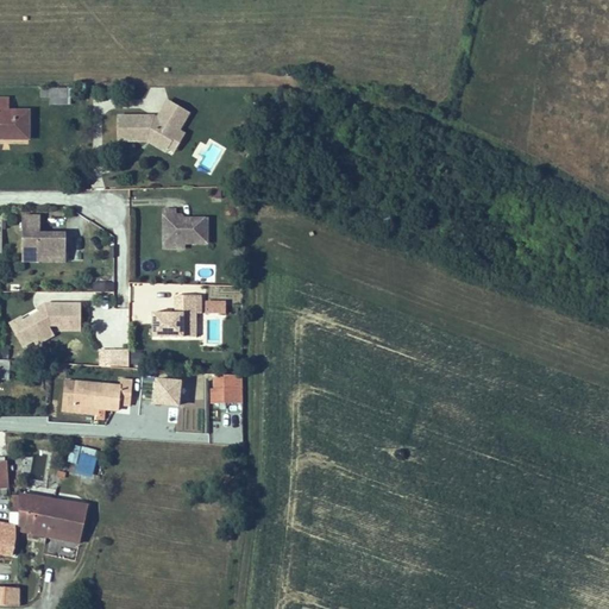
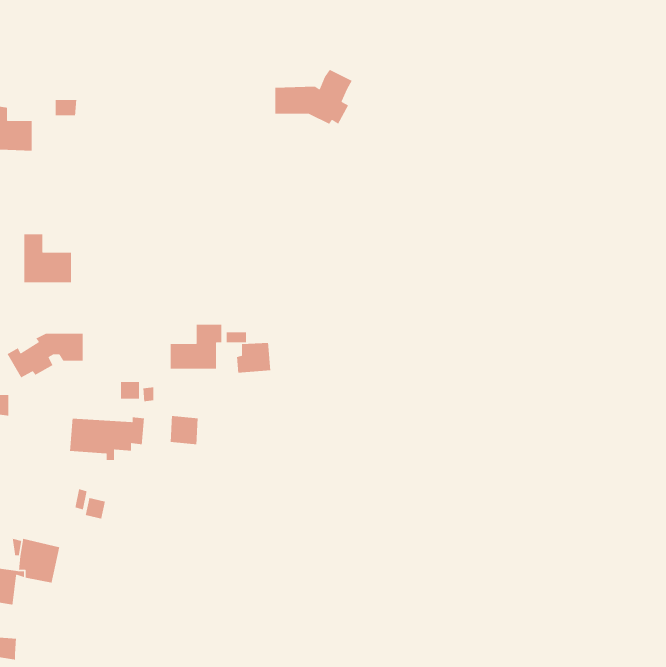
building: [118,100,189,151] -> [275,69,353,125]
building: [162,208,205,246] -> none
building: [211,376,243,404] -> [236,342,271,374]
building: [48,498,90,540] -> none

